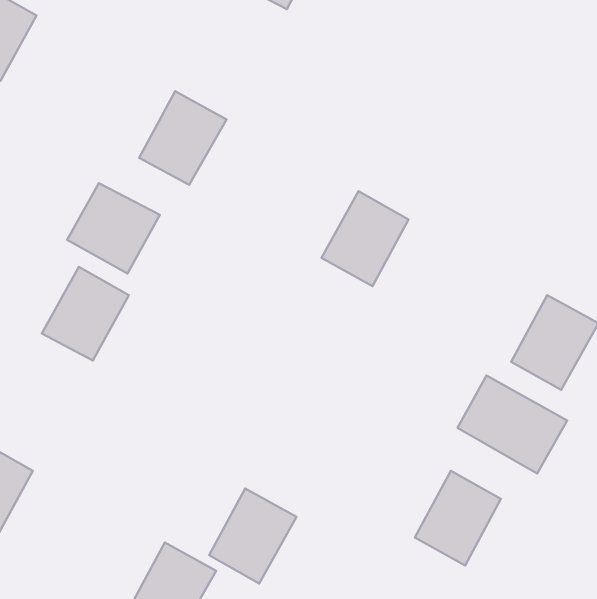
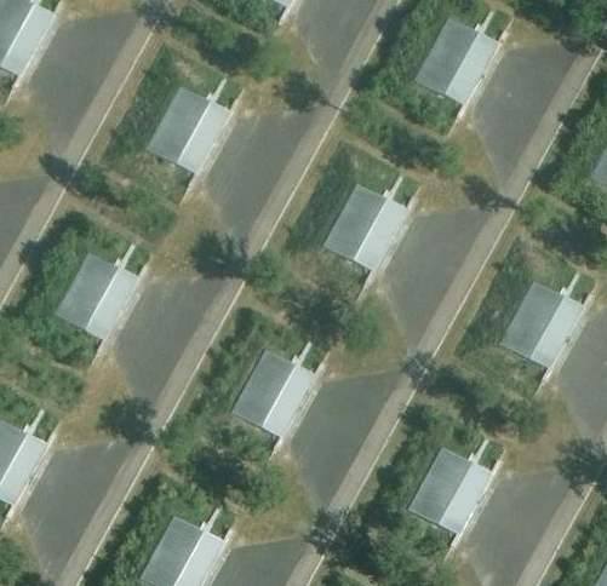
building: none -> [412,16,494,105]
building: [67,183,160,273] -> none
building: [458,375,567,474] -> none
building: [209,489,296,583] -> [230,347,313,437]

